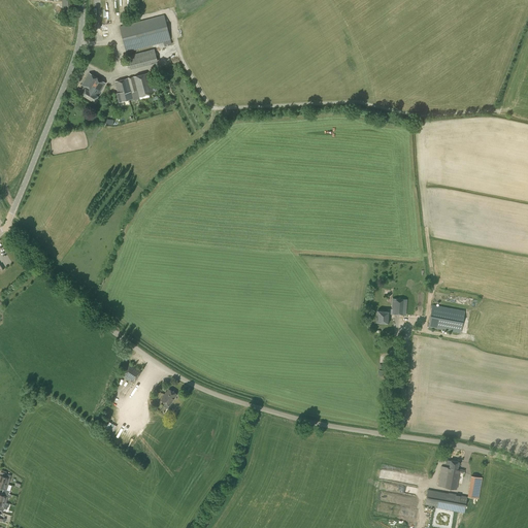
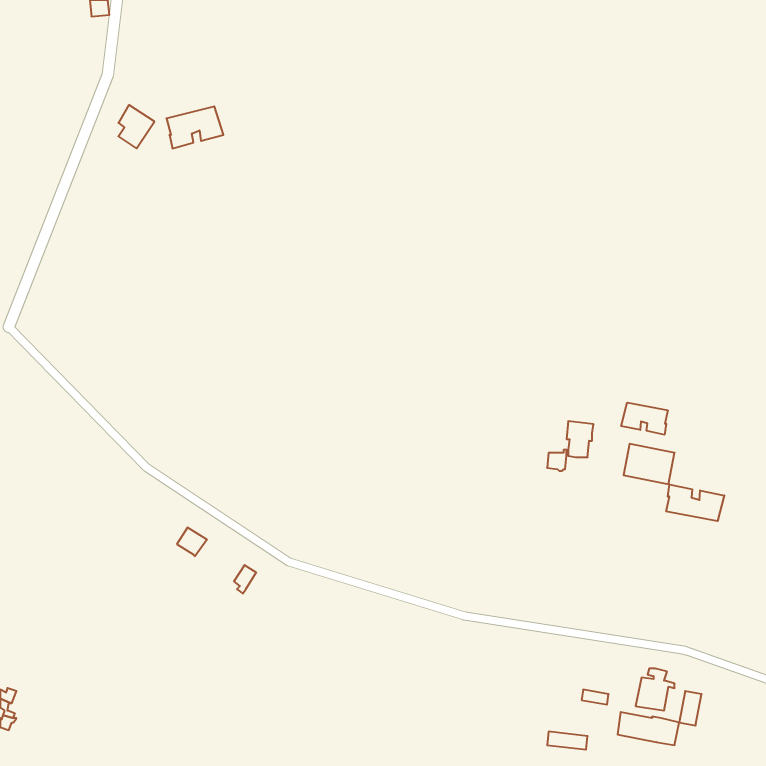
building: [119,14,172,69] -> none
building: none -> [621,403,668,435]
building: none -> [666,484,724,521]

